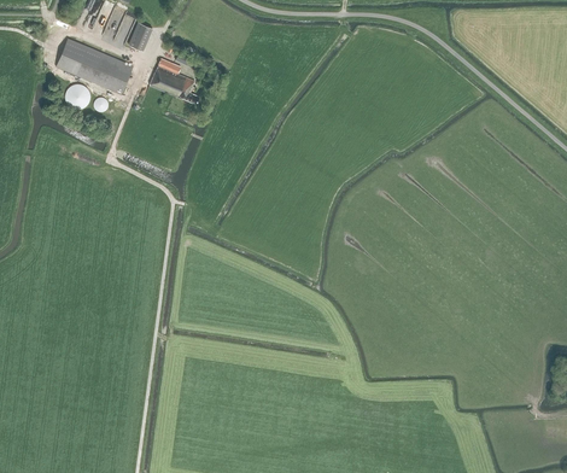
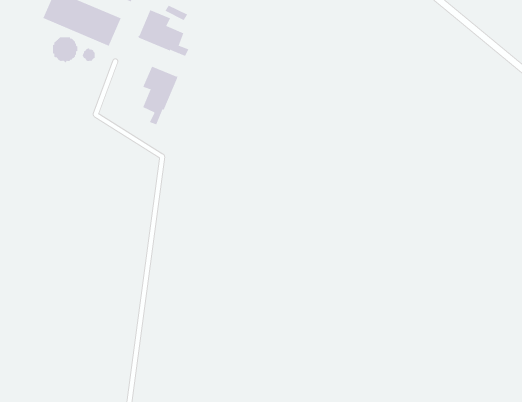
building: none -> [142,66,178,125]

